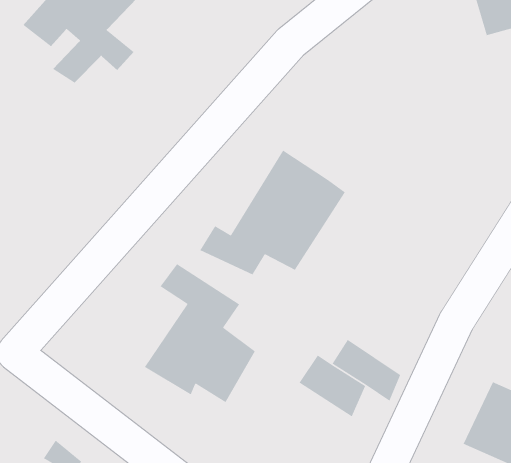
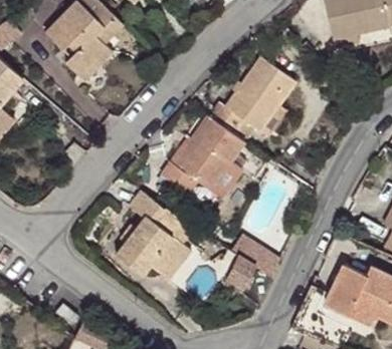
building: none -> [208,57,298,136]

